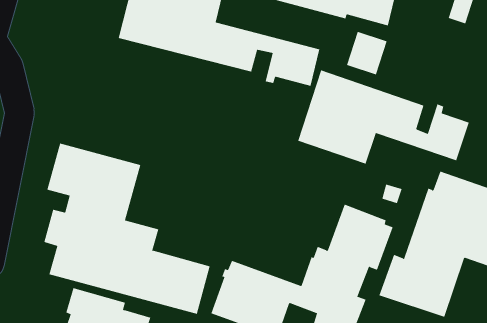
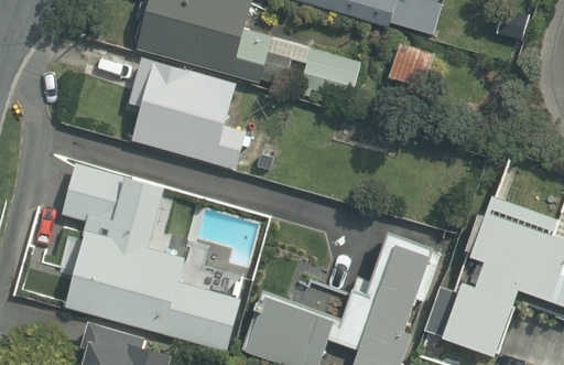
building: none -> [130,57,274,173]
building: [297,69,469,164] -> none

